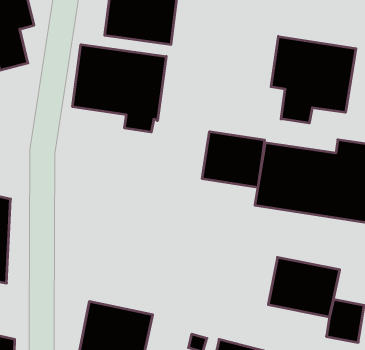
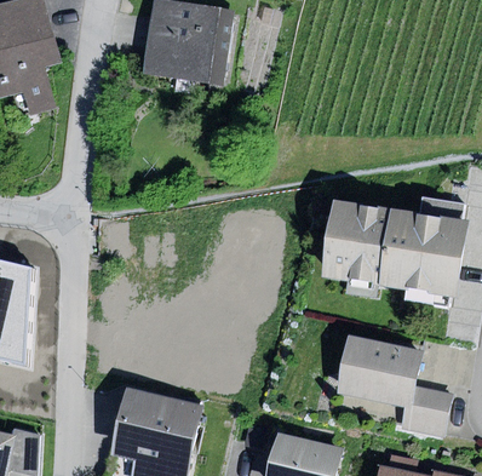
building: [271,36,356,123] -> none
building: [73,45,166,132] -> none
building: [202,132,264,187] -> none

